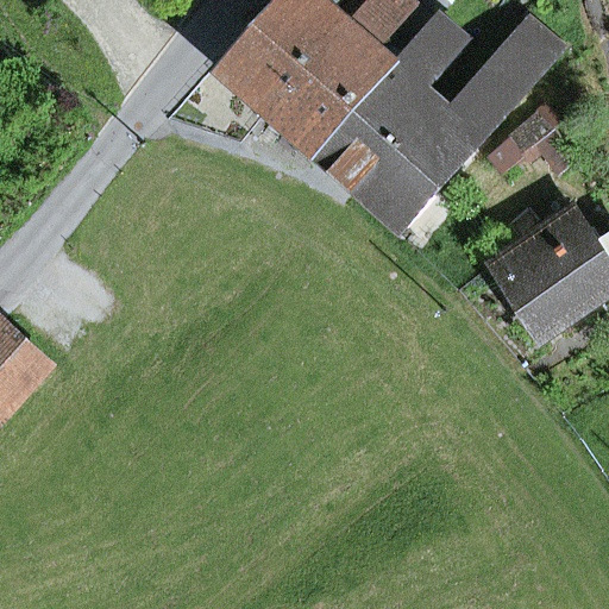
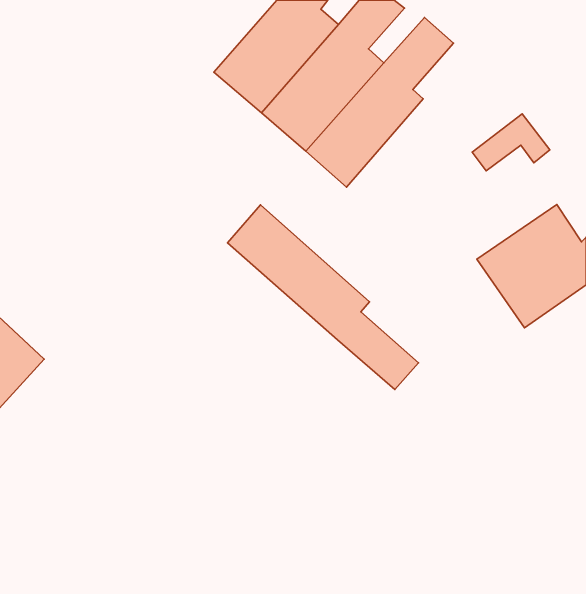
building: [354,21,555,230] -> none
building: none -> [227,205,418,390]

